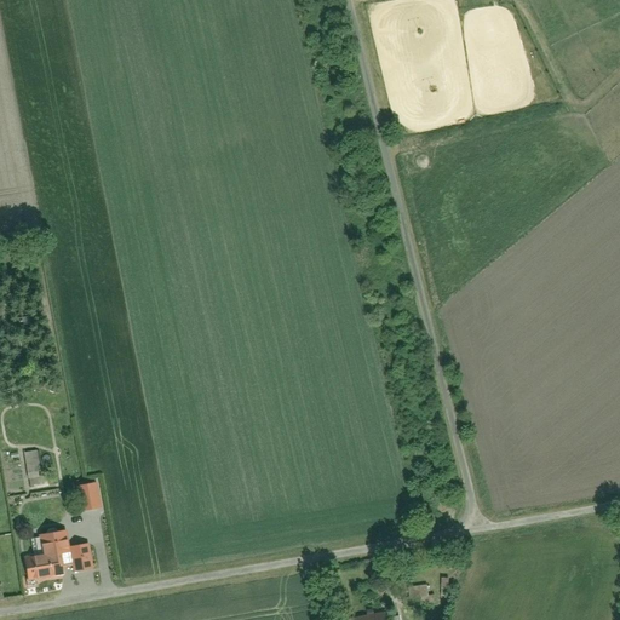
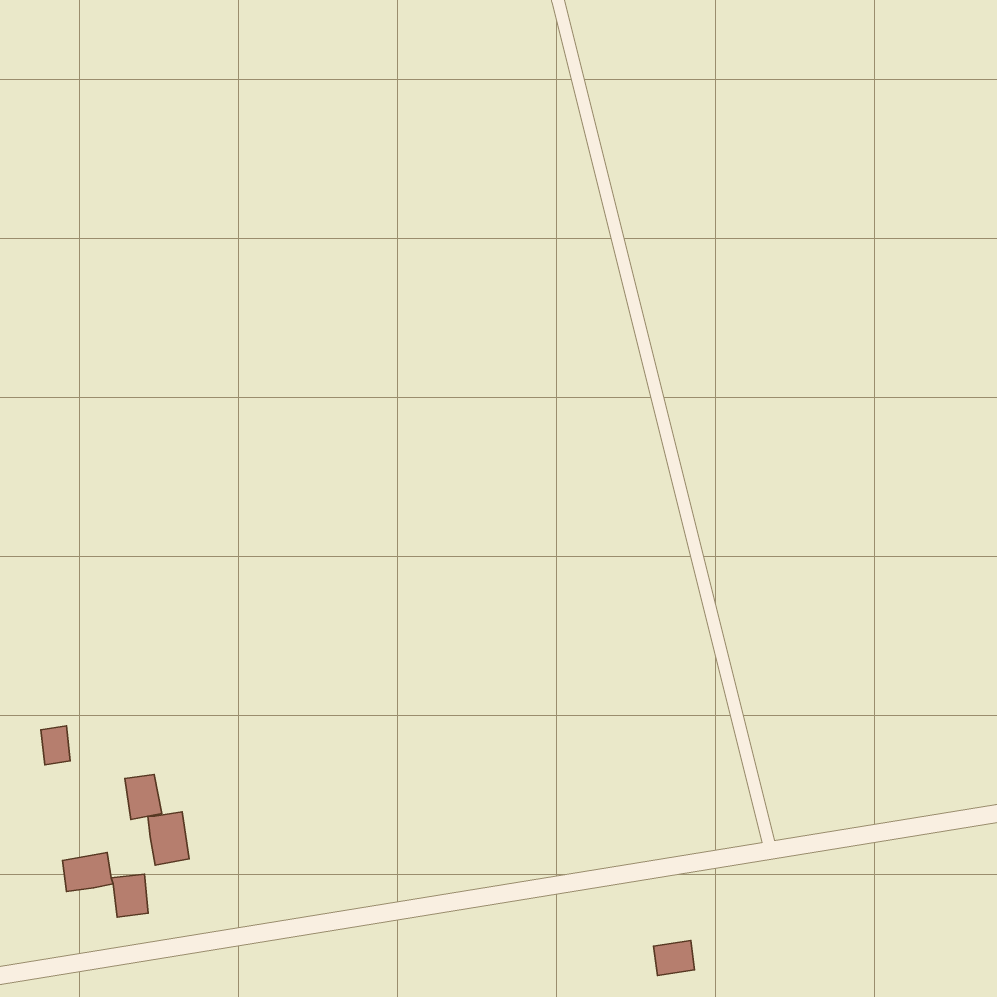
building: none -> [148,812,189,865]
building: [24,551,62,578] -> none

